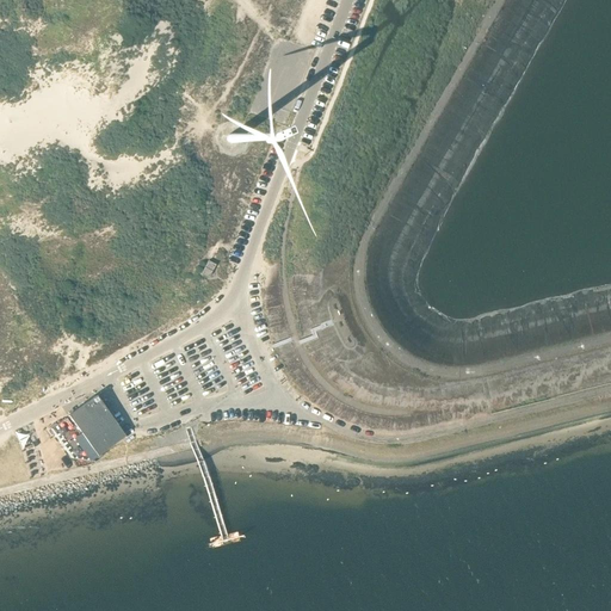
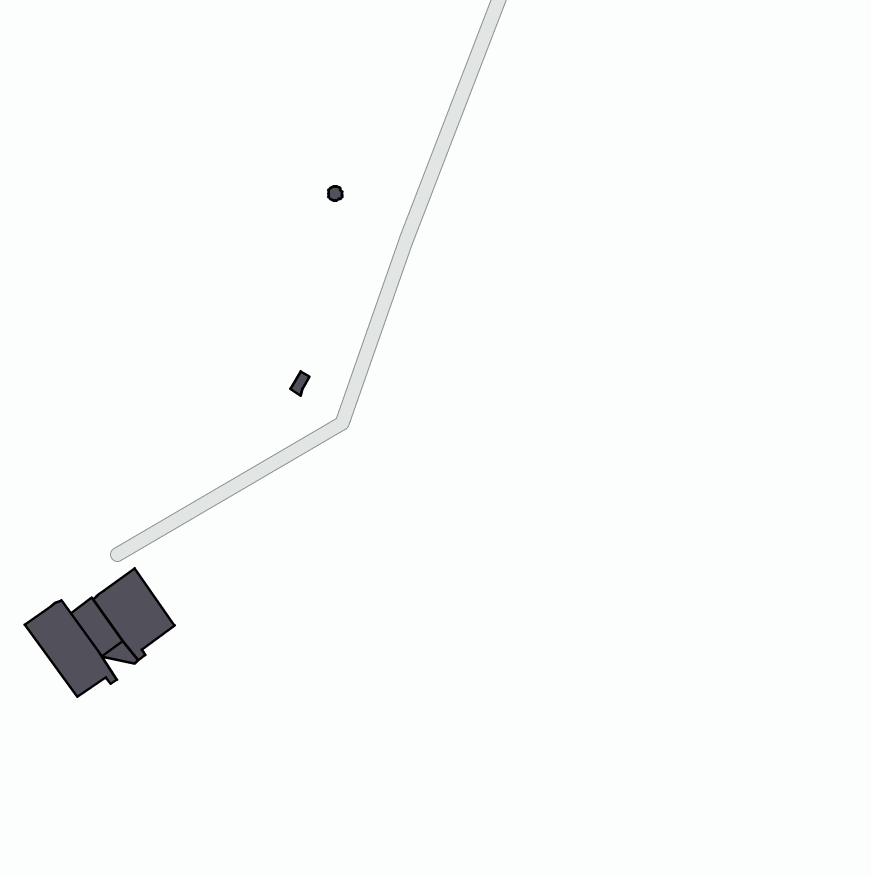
building: none -> [25,600,117,697]

